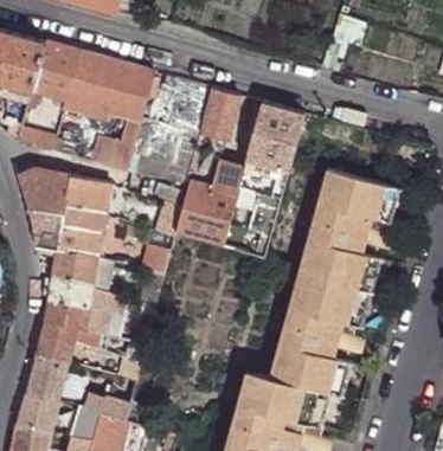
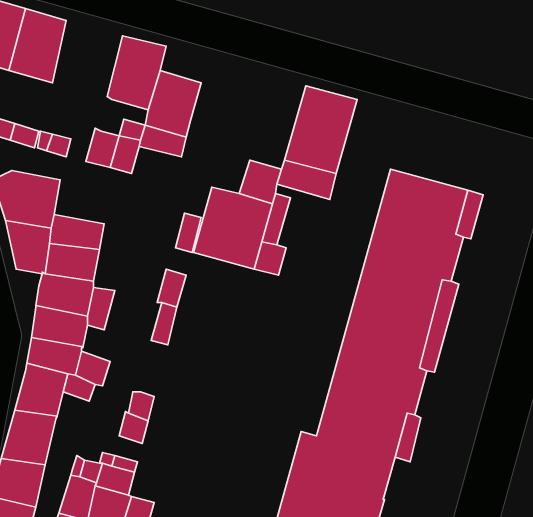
building: [63,51,118,118] -> none
building: [199,88,237,138] -> none
building: [65,175,110,210] -> none

